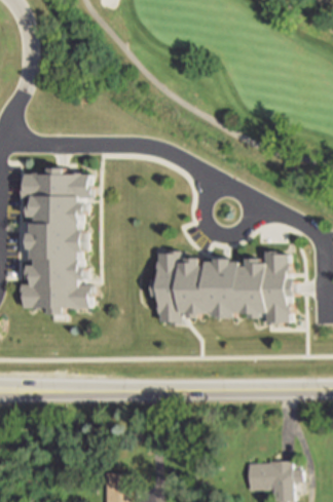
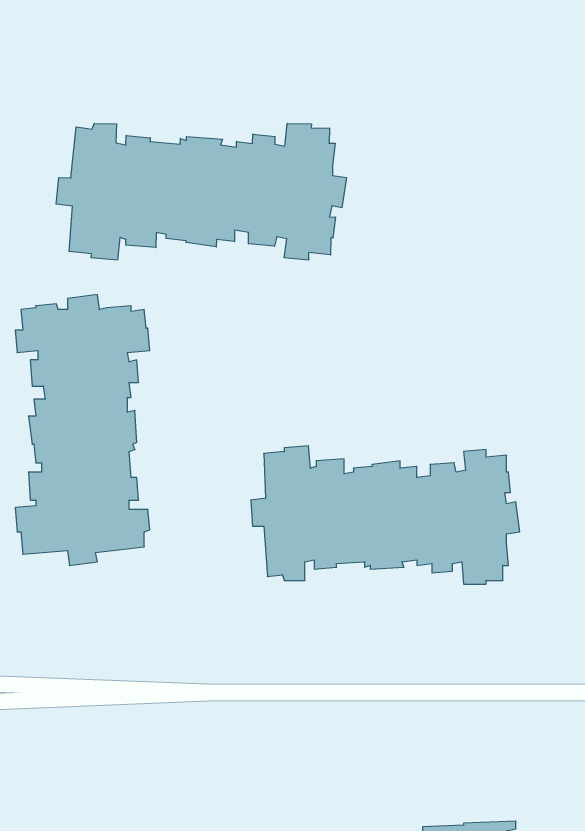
building: none -> [56,123,346,260]

